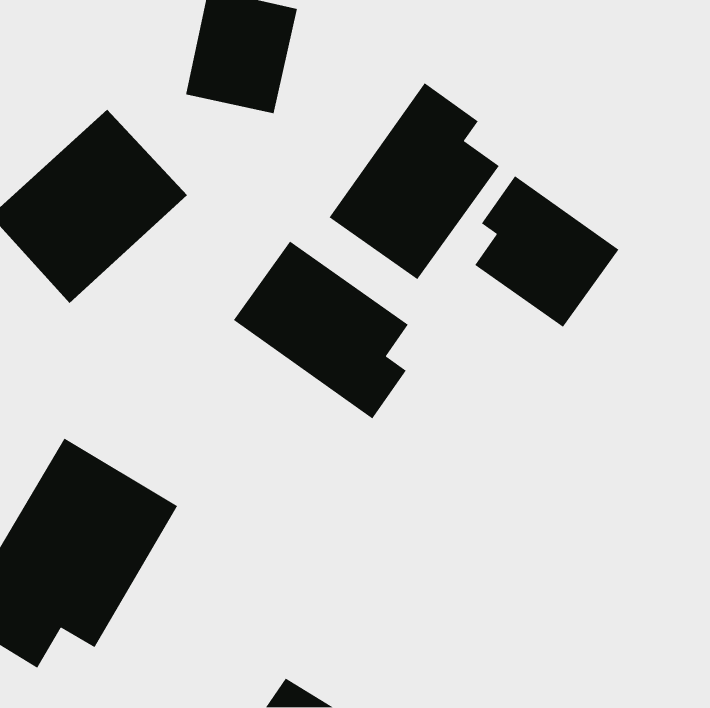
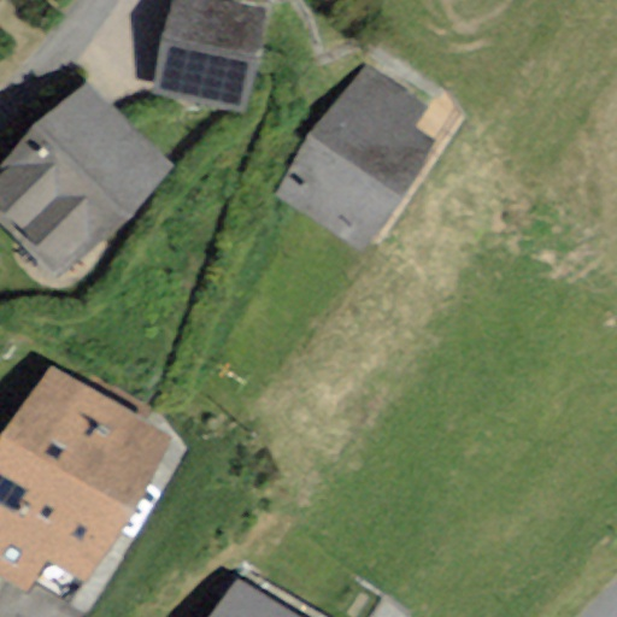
building: [474,175,619,328] -> none
building: [233,241,409,419] -> none

